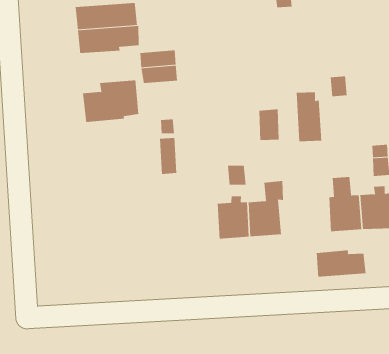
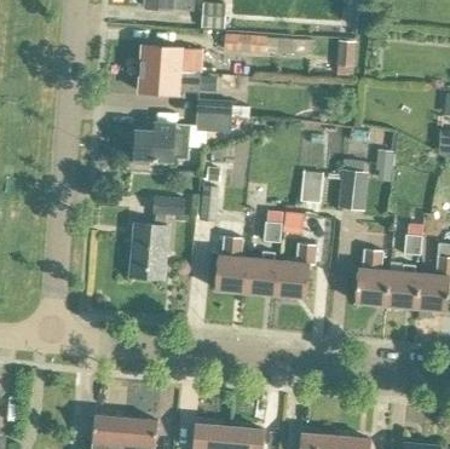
building: none -> [128,196,185,280]
building: none -> [214,236,248,292]
building: [316,250,366,277] -> none

